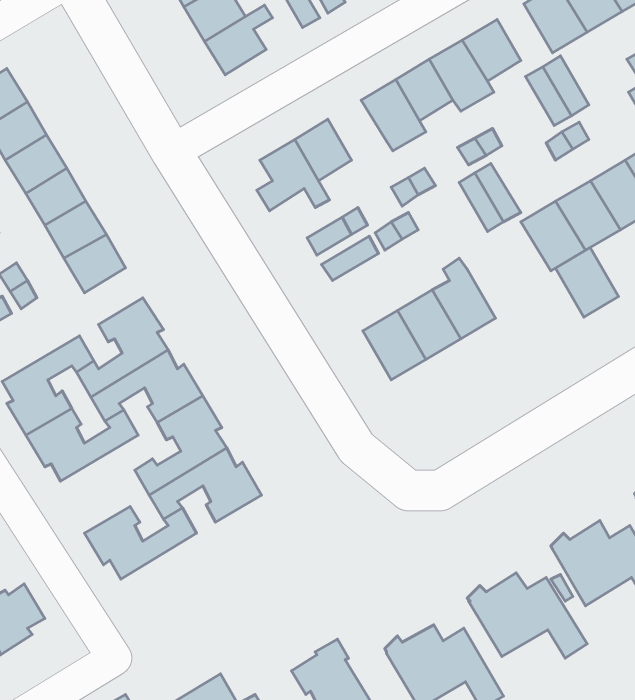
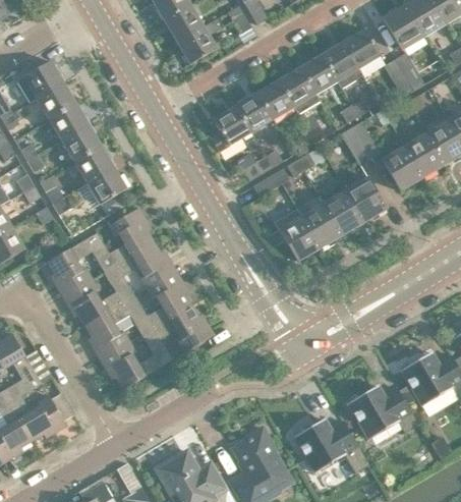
building: none -> [256,80,294,119]
building: [555,248,619,317] -> [346,176,387,221]
building: none -> [84,296,143,359]

